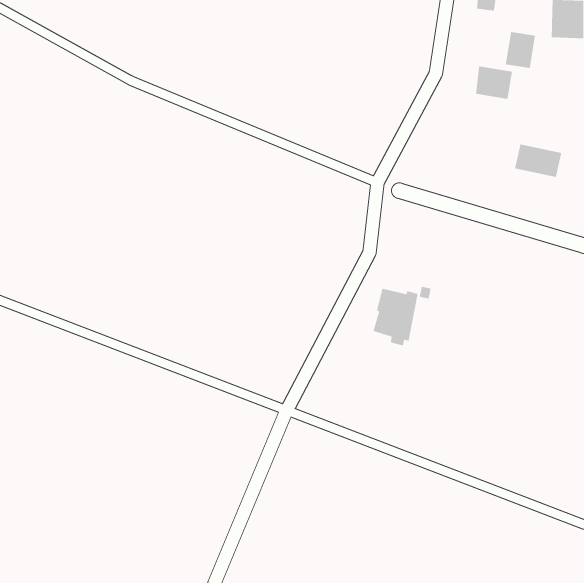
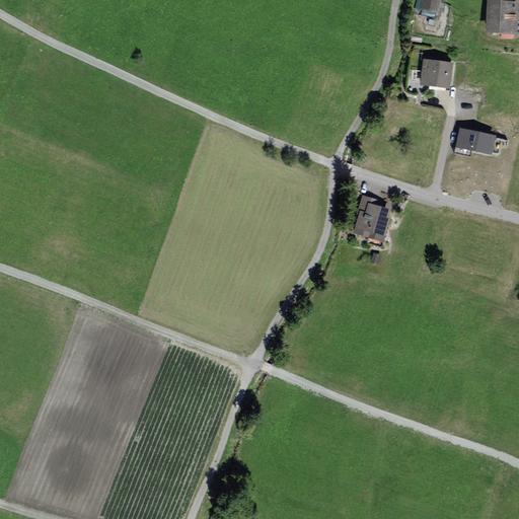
building: [505,31,536,69] -> none
building: [373,288,418,346] -> [353,195,393,246]

